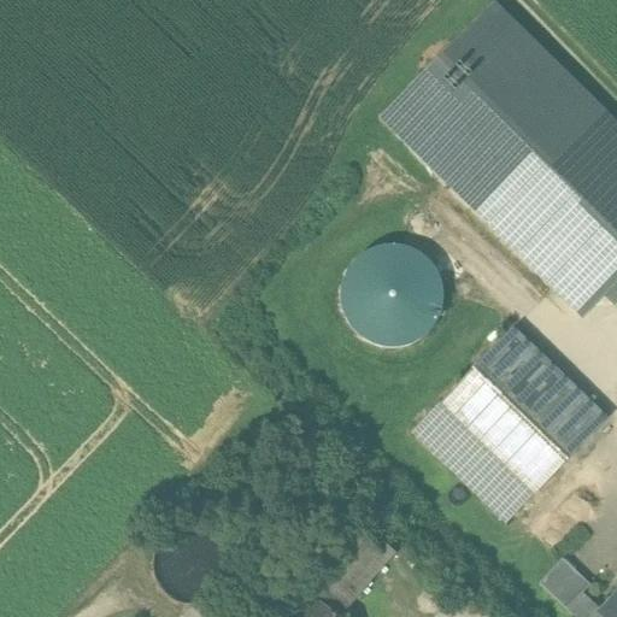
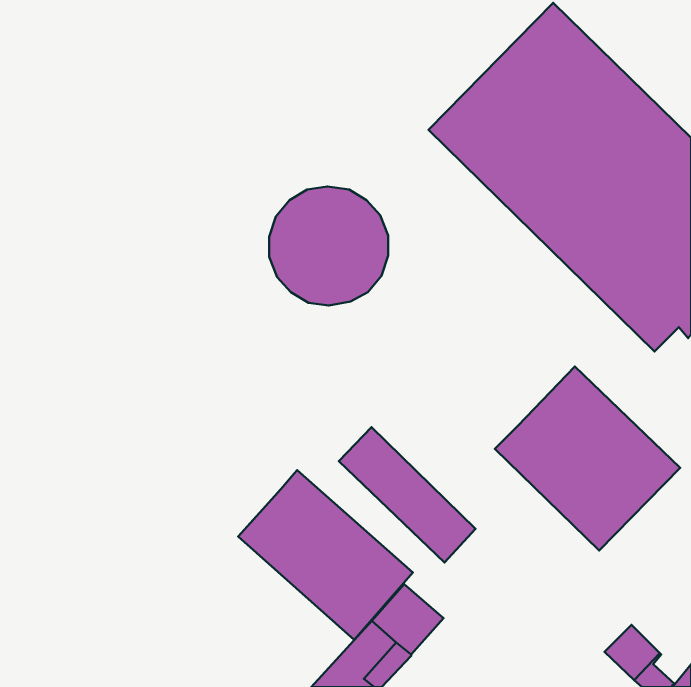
building: [339,241,445,347] -> [269,187,388,306]
building: [412,400,534,521] -> [339,427,476,563]
building: none -> [238,470,413,640]

